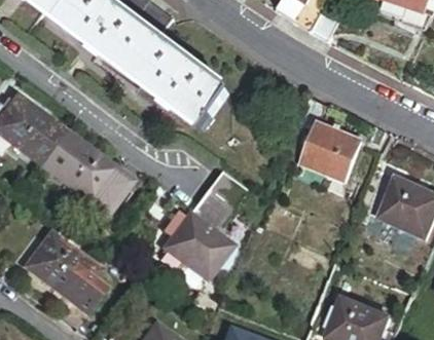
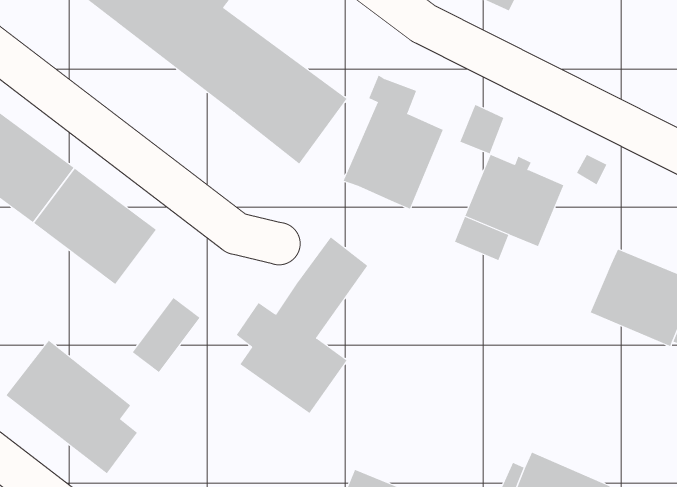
building: none -> [343,74,443,209]
building: [93,169,134,215] -> [132,297,201,373]

